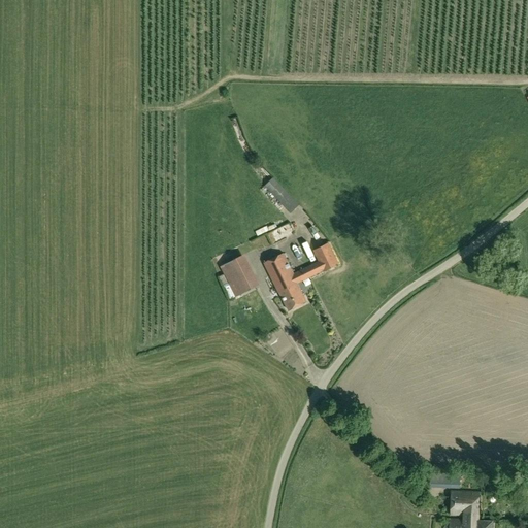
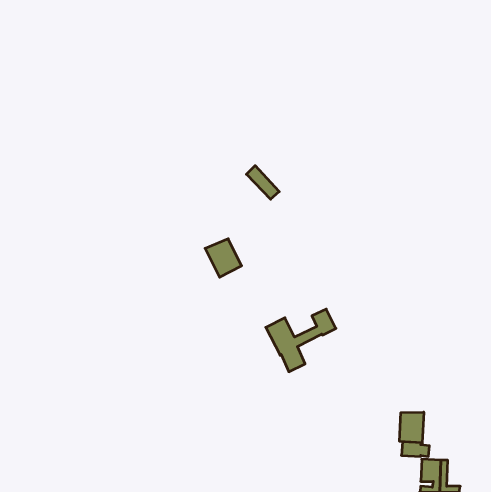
building: [263,243,338,310] -> [266,309,336,372]
building: none -> [400,412,424,443]

